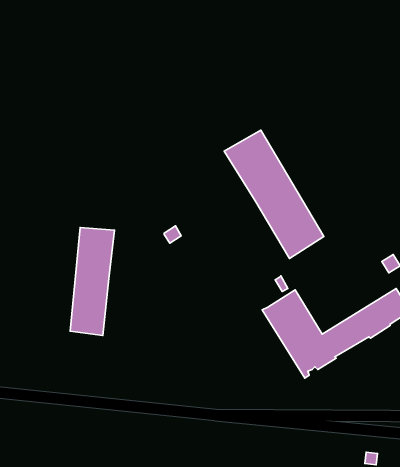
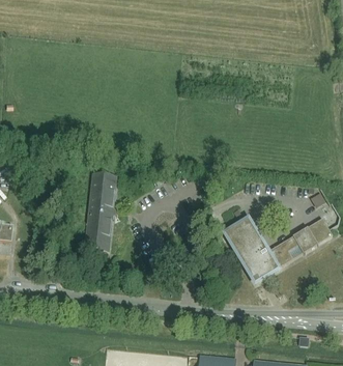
building: [224,130,324,258] -> none

